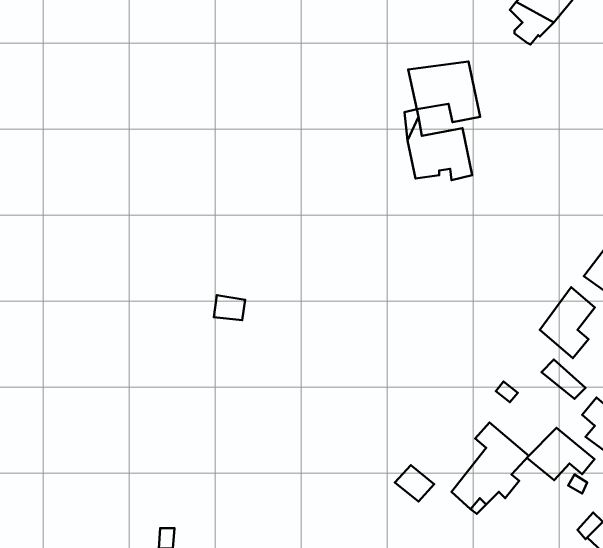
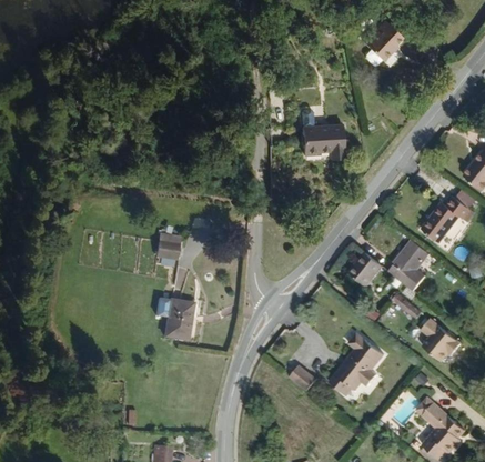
building: [408,61,480,122] -> none
building: none -> [348,247,384,283]
building: none -> [169,301,195,341]
building: [527,428,595,480] -> none

